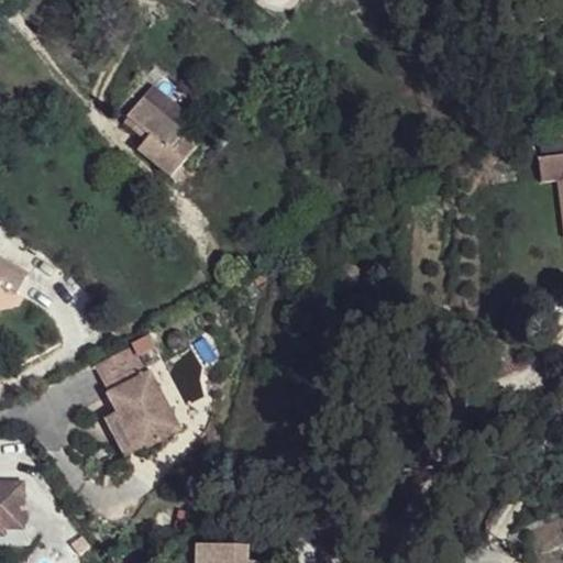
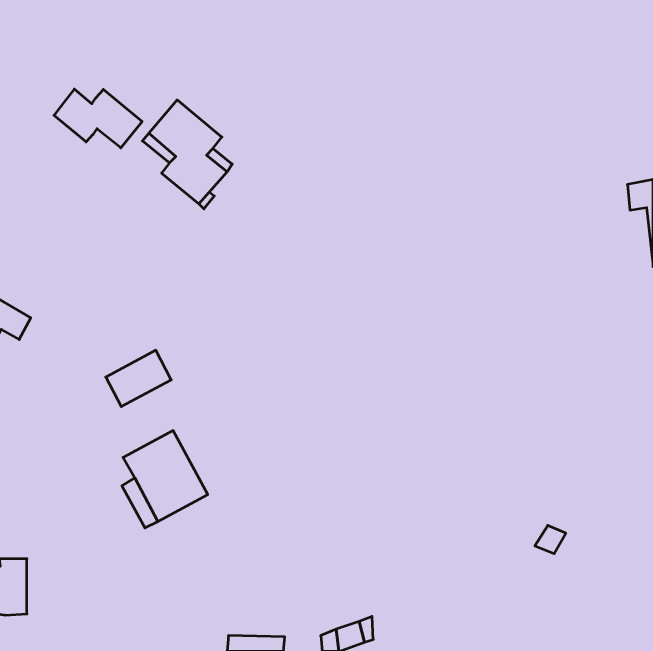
building: none -> [54,89,142,148]
building: [92,344,148,393] -> [106,350,171,407]

